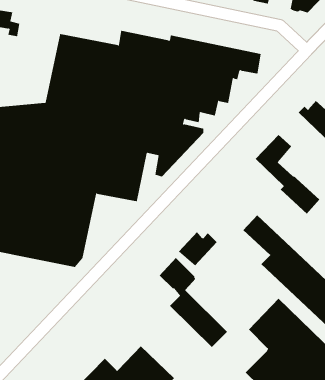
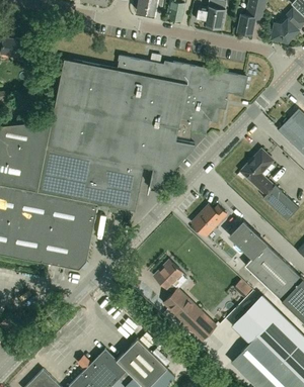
building: [178,231,218,266] -> [191,205,226,236]

